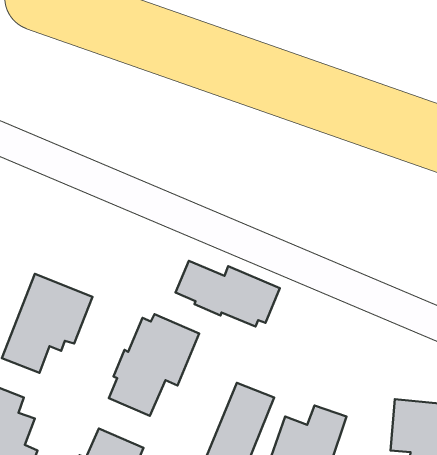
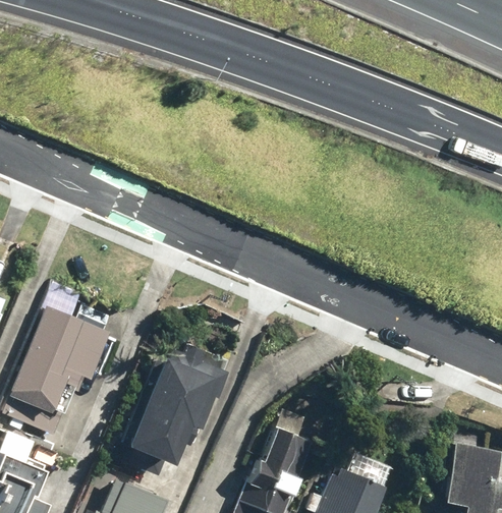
building: [176,261,280,326] -> none

